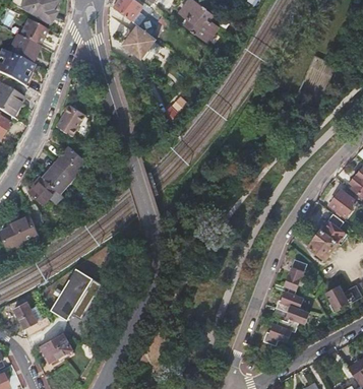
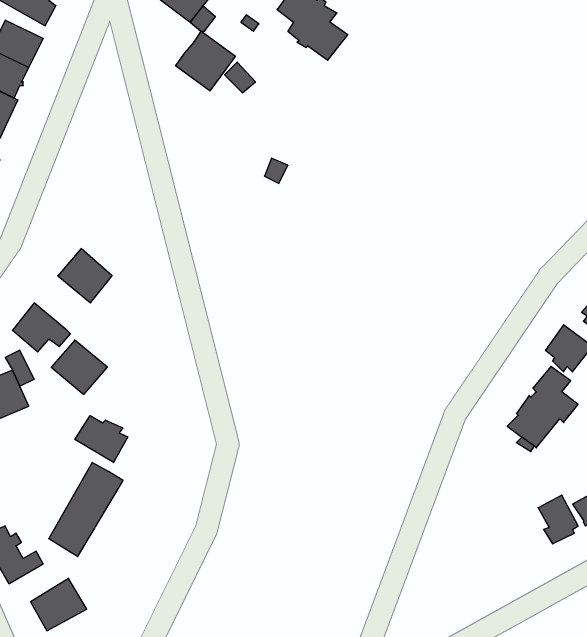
building: [56,105,85,136] -> none
building: [43,161,74,192] -> [51,340,107,394]
building: none -> [75,416,128,463]
building: [262,258,309,345] -> none

